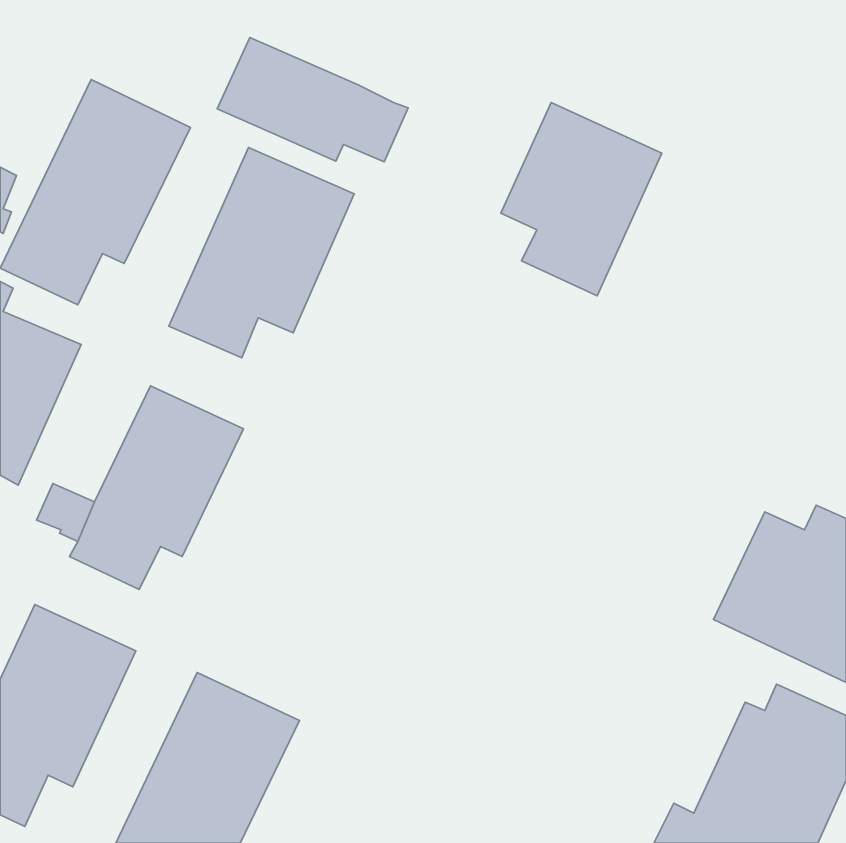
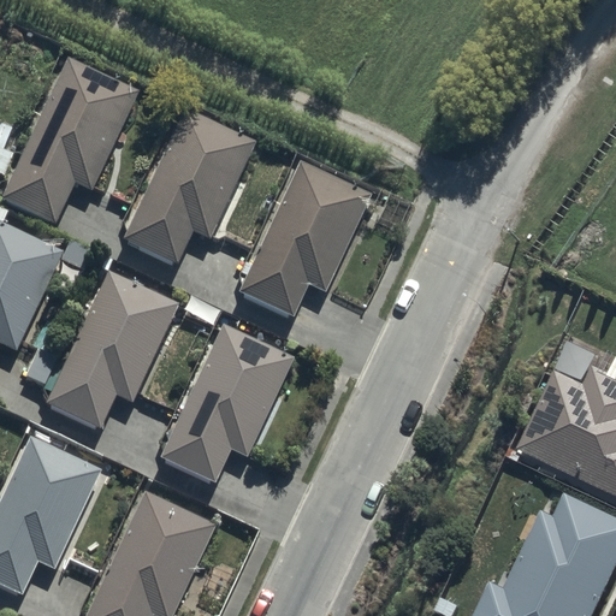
building: [217,38,408,162] -> none
building: [501,102,662,296] -> none
building: none -> [241,159,373,314]
building: none -> [158,322,291,485]

